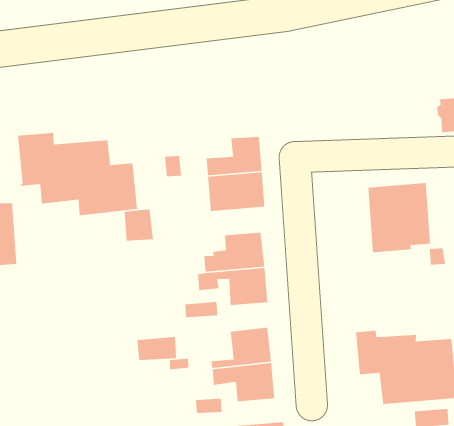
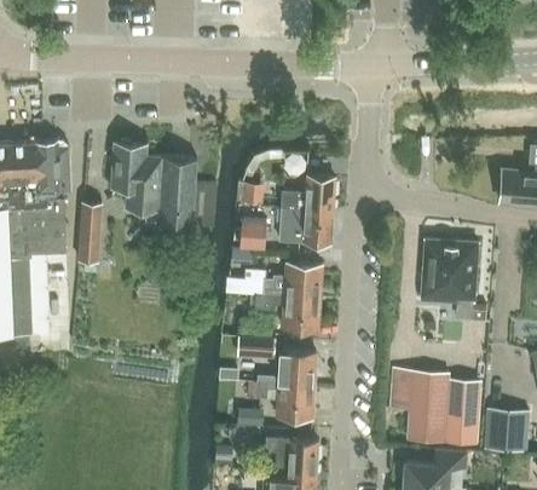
building: [124,208,154,241] -> [242,218,268,248]
building: [137,336,177,361] -> [238,336,276,359]

